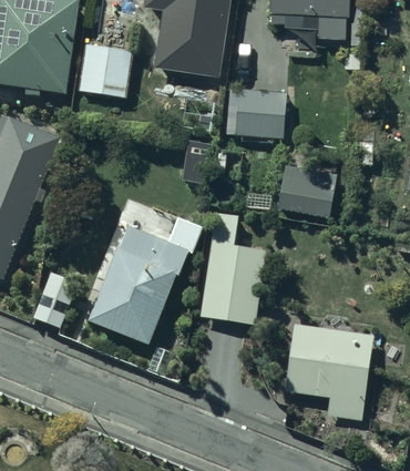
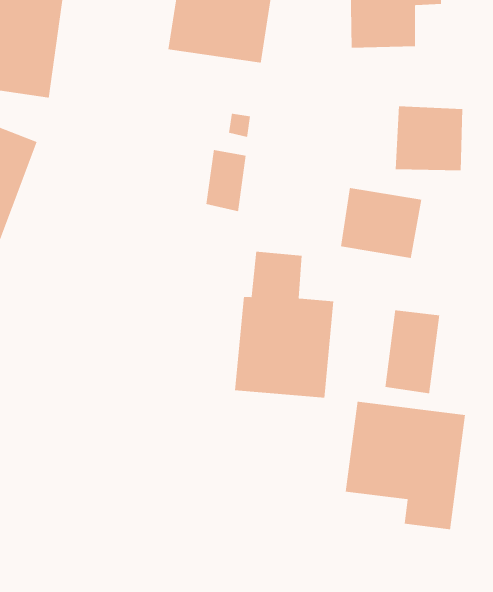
building: [78,43,131,94] -> none
building: [236,89,286,136] -> [395,106,463,171]
building: [90,229,189,354] -> none
building: none -> [385,310,440,394]

